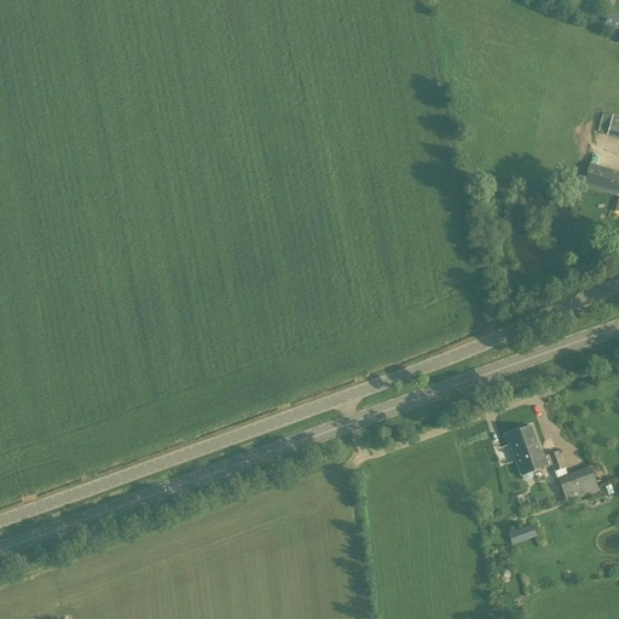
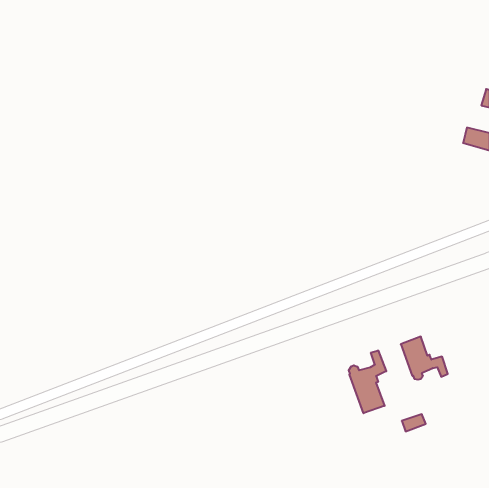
building: none -> [349,350,386,413]
building: [557,464,600,501] -> none

